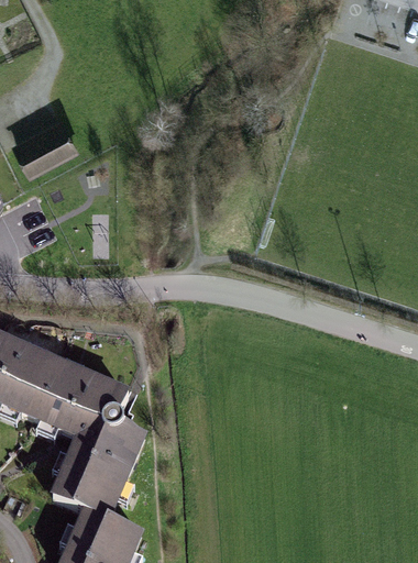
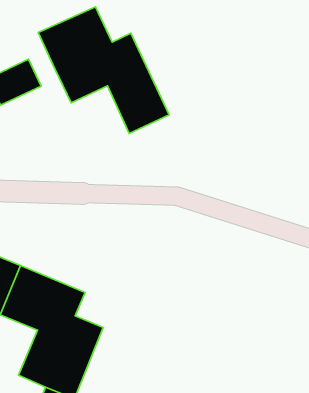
building: none -> [38,7,169,133]

